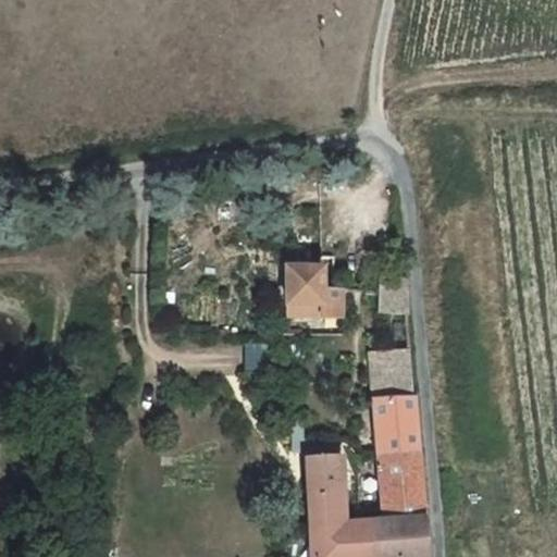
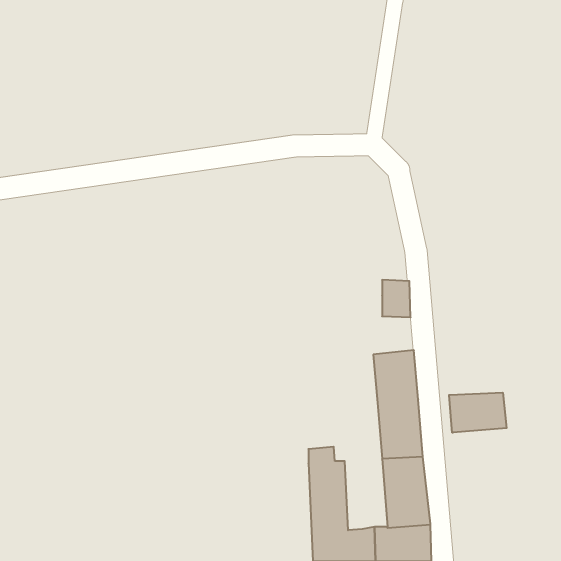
building: [286,270,344,318] -> none
building: none -> [449,393,507,433]

